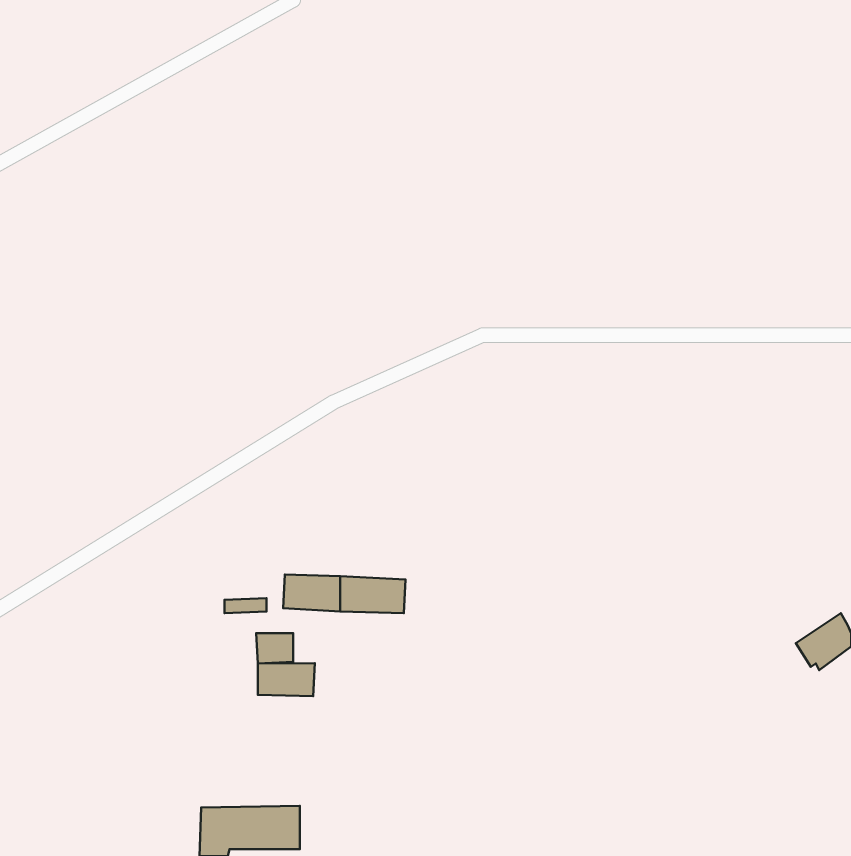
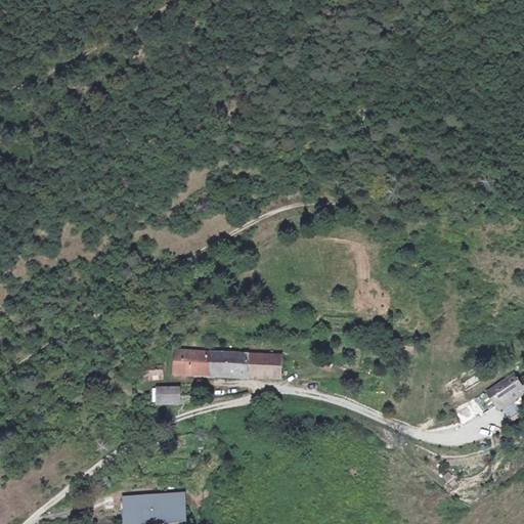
building: none -> [247,354,280,377]
building: [258,663,315,696] -> none

